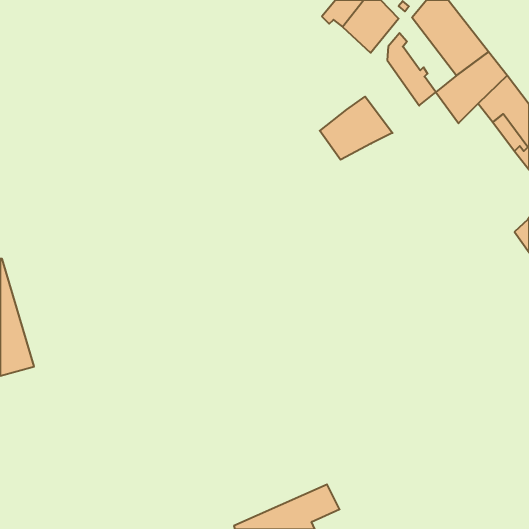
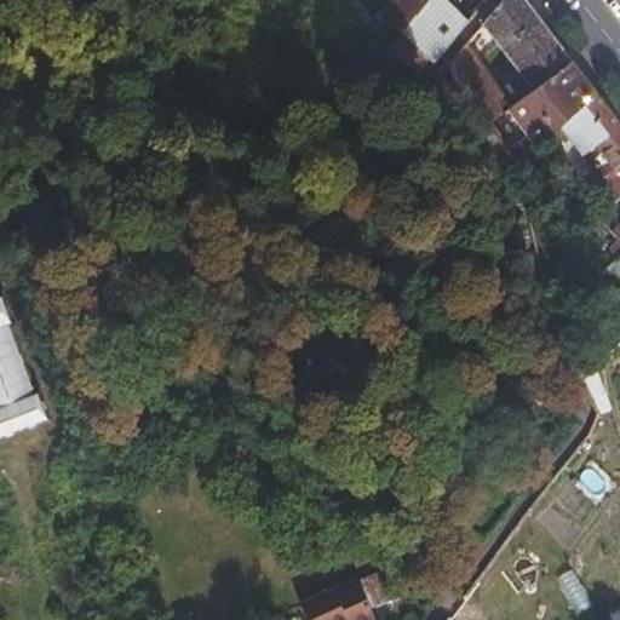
building: [320,97,393,160] -> none

